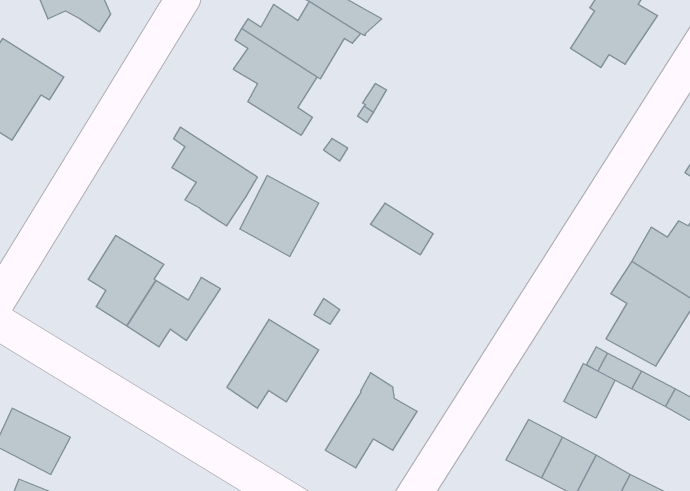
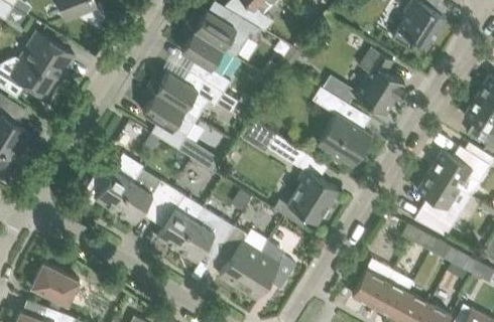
building: none -> [353,47,404,115]
building: none -> [147,71,223,119]
building: none -> [312,87,371,165]
building: none -> [273,169,337,226]
building: none -> [151,188,203,250]
building: none -> [219,226,260,289]
building: [564,364,615,418] -> none

